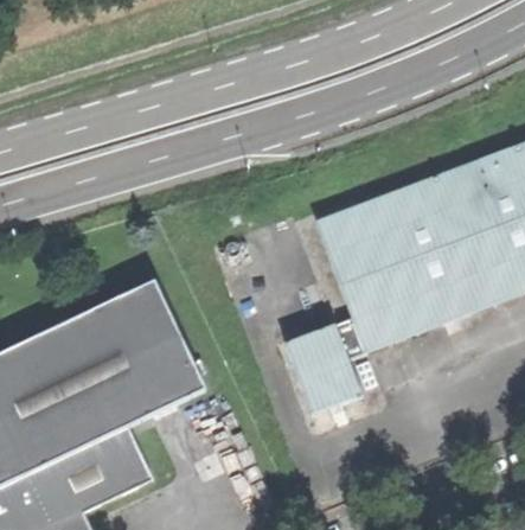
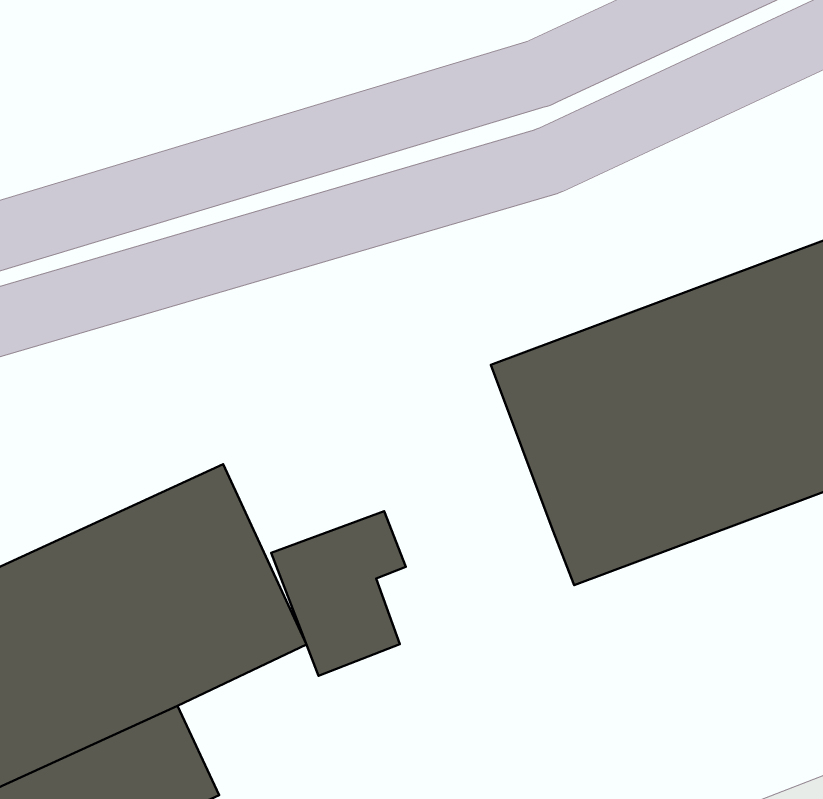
building: [284,319,365,417] -> [271,511,406,676]

